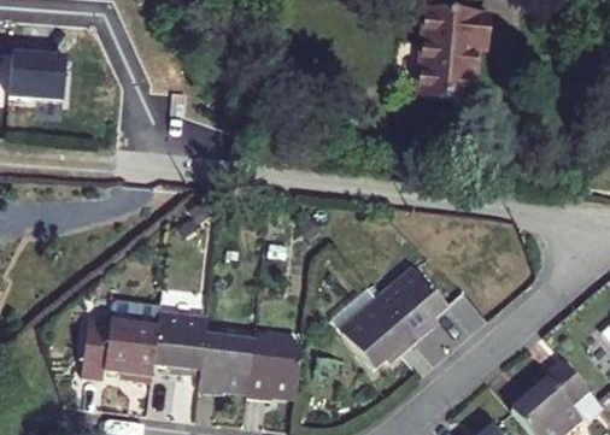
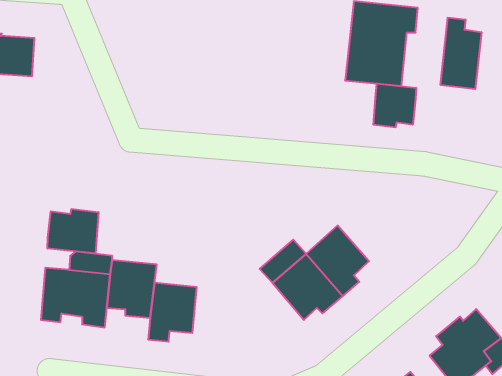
building: none -> [441,18,481,89]
building: none -> [373,83,416,127]
building: none -> [48,209,98,254]
building: [246,335,303,399] -> none

